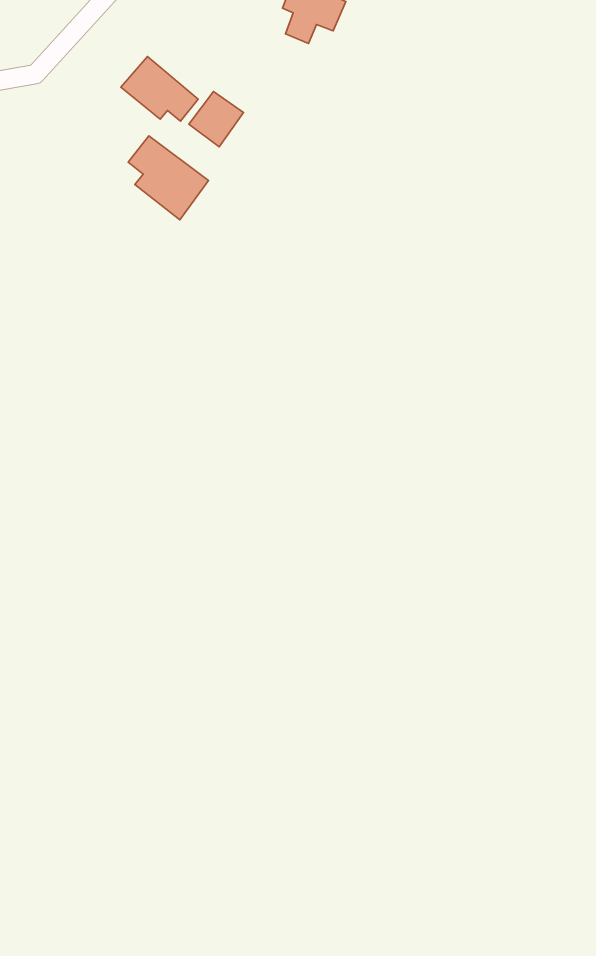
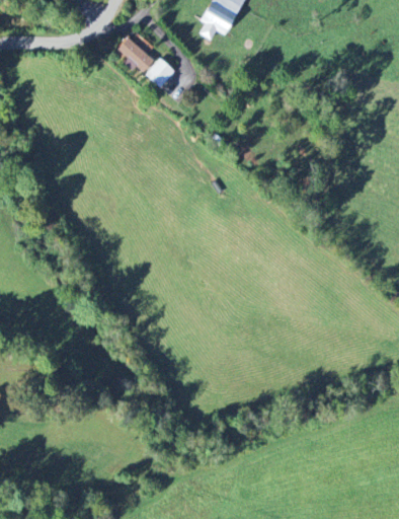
building: [128,136,209,220] -> none

